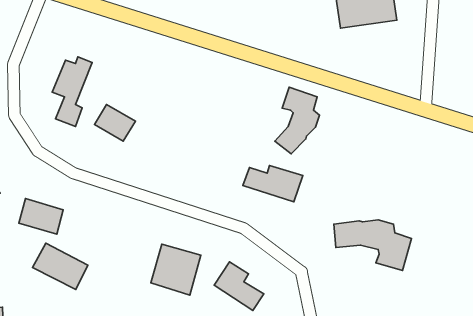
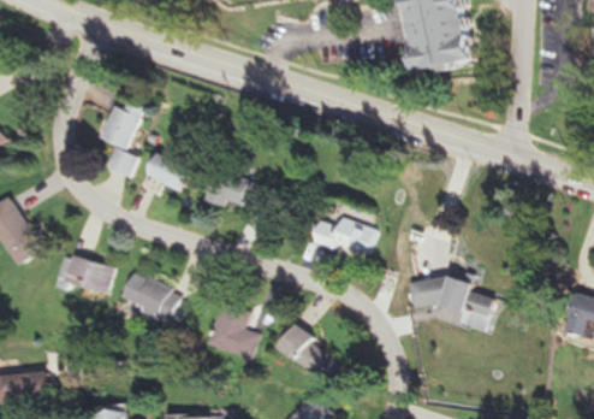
building: [275,87,319,154] -> none
building: none -> [201,171,267,214]
building: [33,243,88,290] -> [119,270,179,320]

